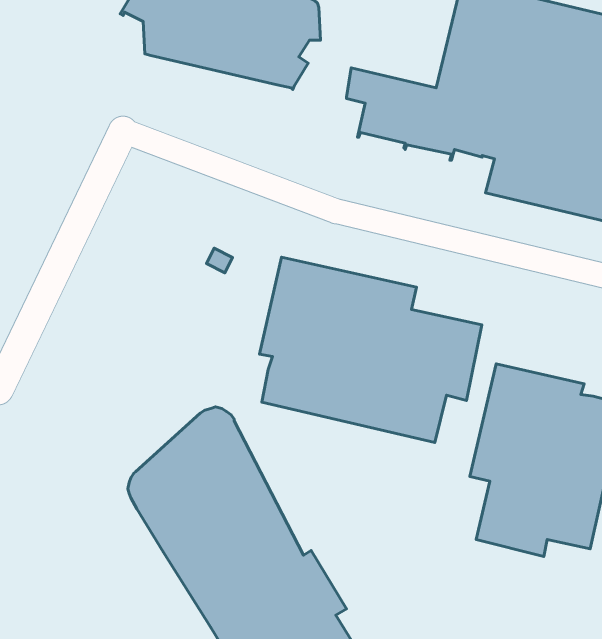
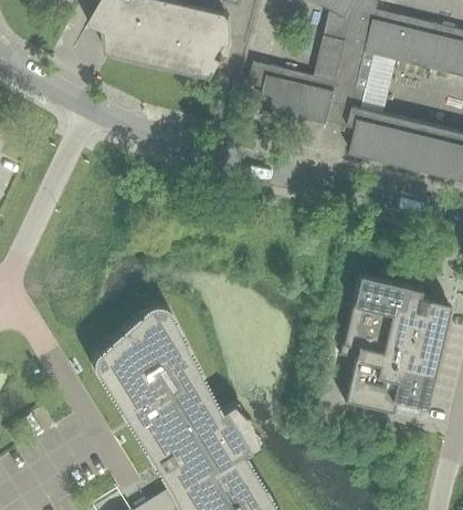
building: [259,257,482,443] -> none

